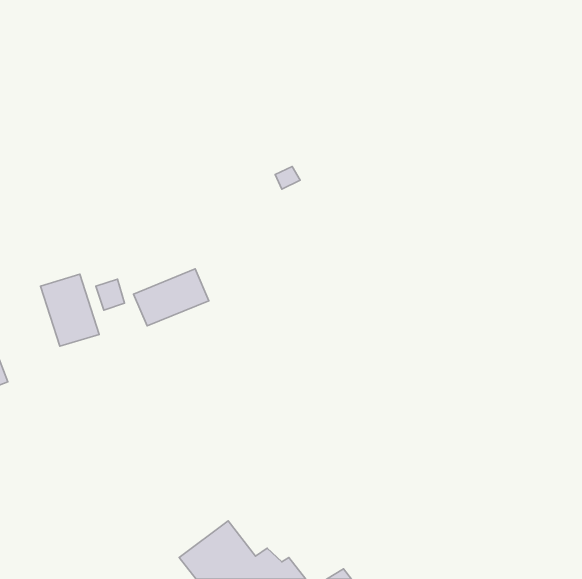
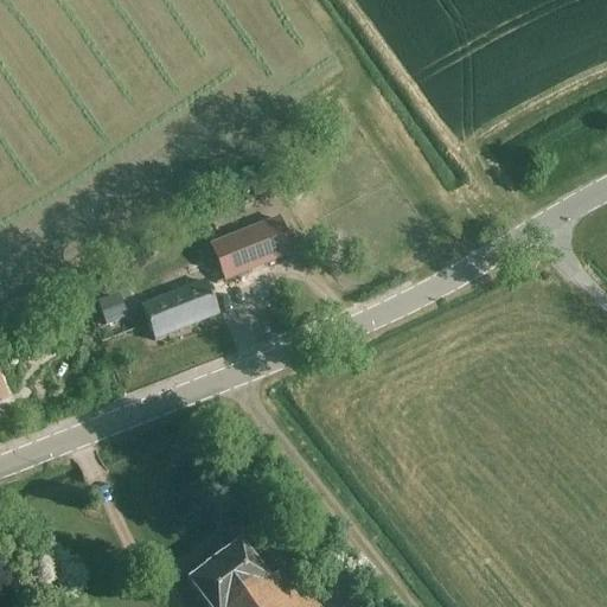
building: none -> [207,216,292,281]
building: [41,274,99,346] -> none

